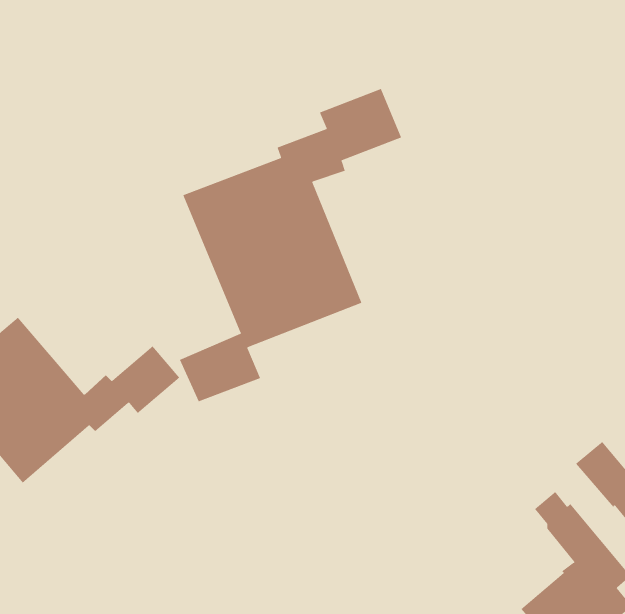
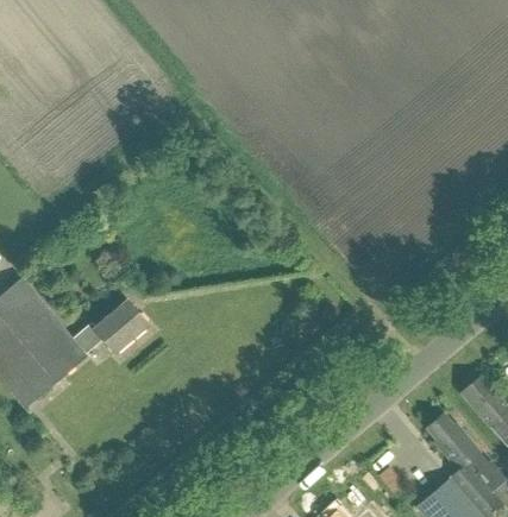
building: [179,88,402,402] -> none

